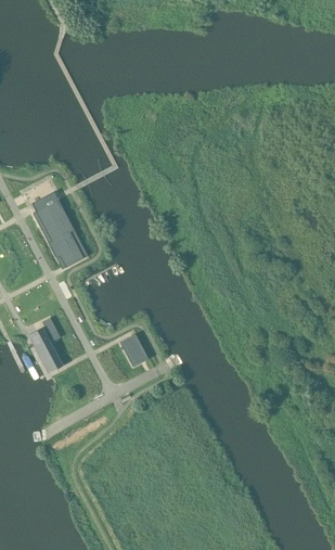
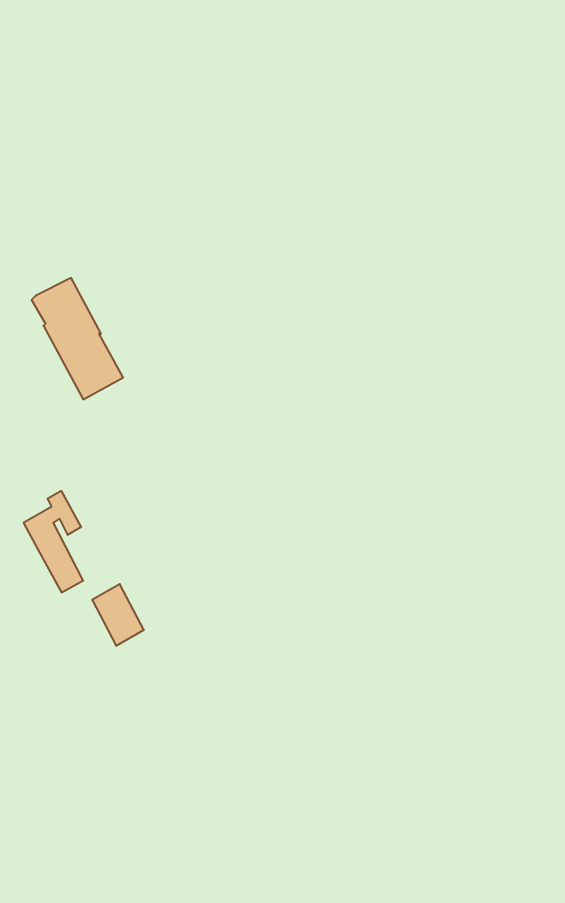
building: [120,333,149,367] -> [92,584,144,646]

